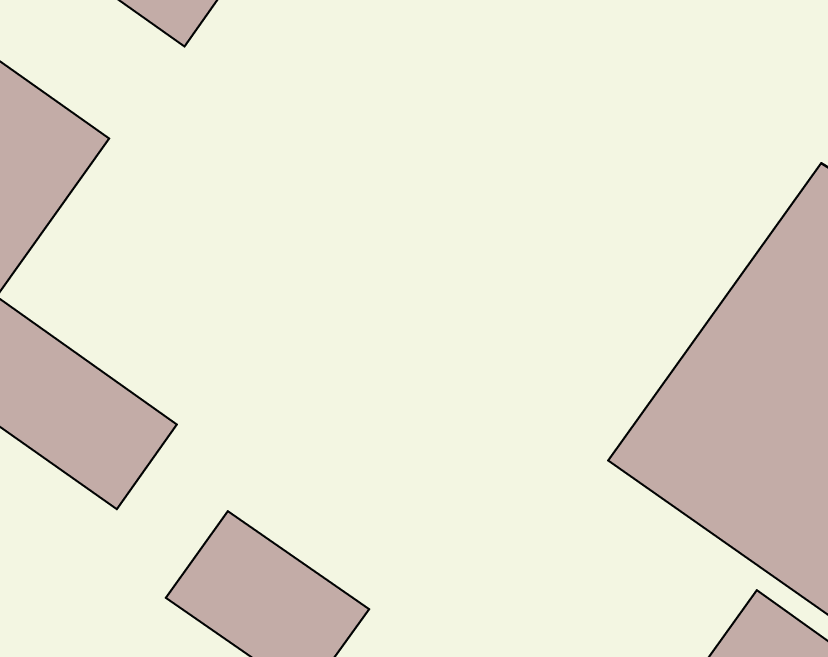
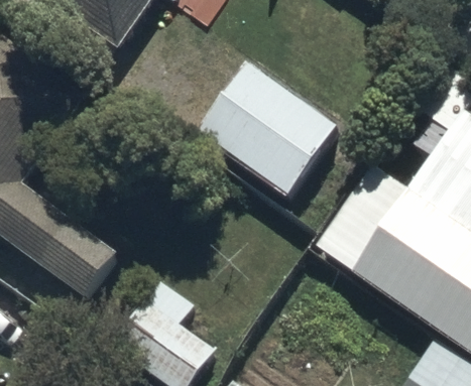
building: none -> [195,57,343,200]

